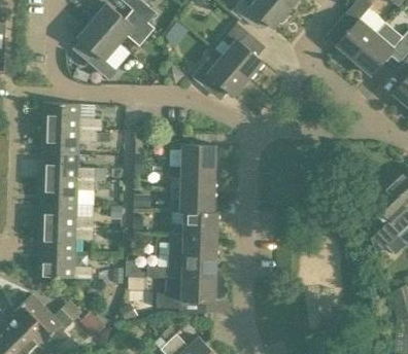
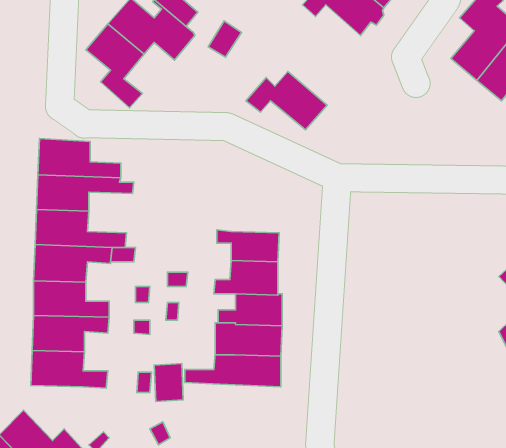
building: [220,23,264,78] -> none
building: [170,140,215,169] -> none
building: [158,276,215,308] -> none

